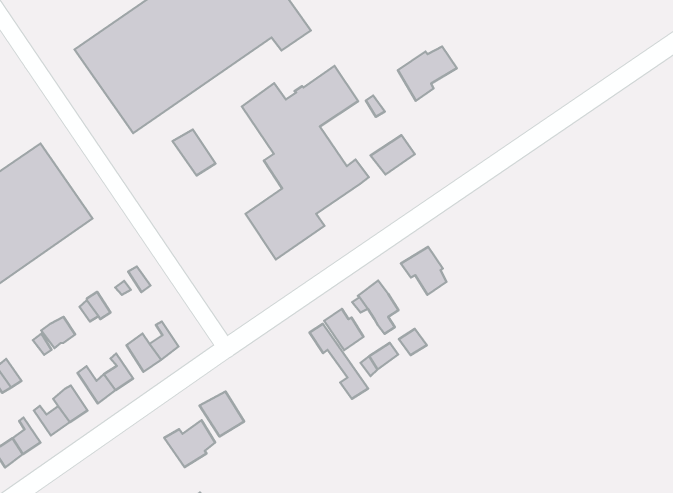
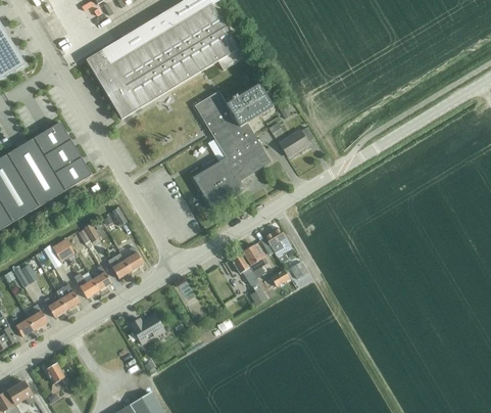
building: [398,46,457,101] -> none
building: [173,130,215,176] -> none
building: [401,247,447,295] -> none
building: [200,391,244,436] -> none

